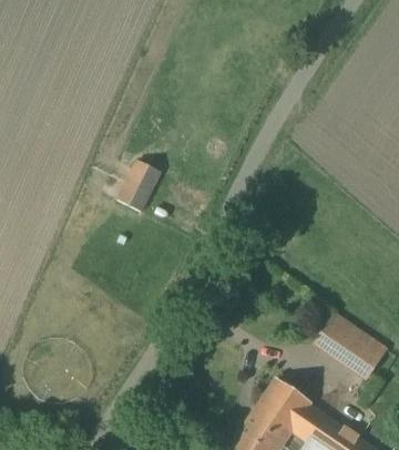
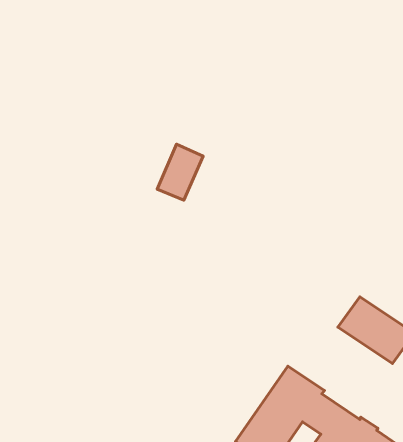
building: [122,158,164,209] -> [157,144,203,200]

